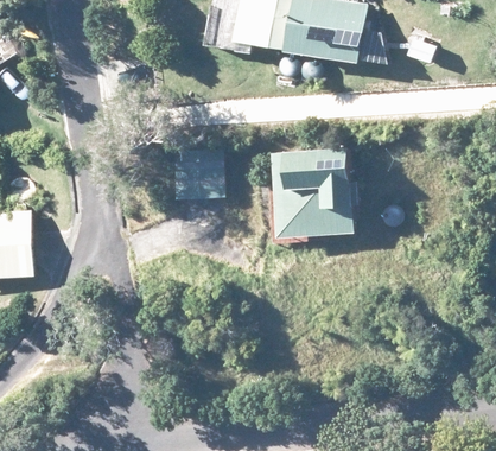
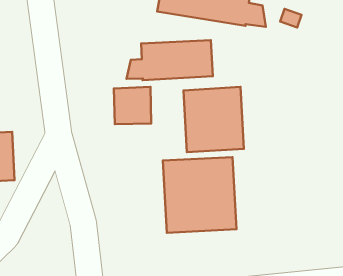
building: none -> [127,40,213,80]
building: none -> [163,157,236,233]

